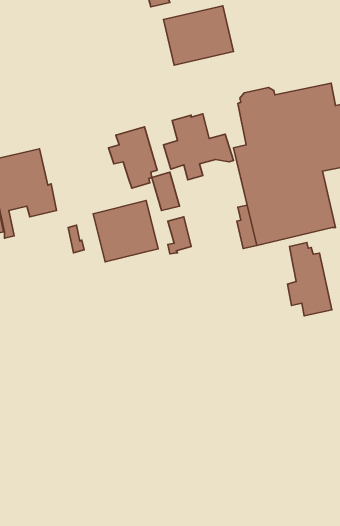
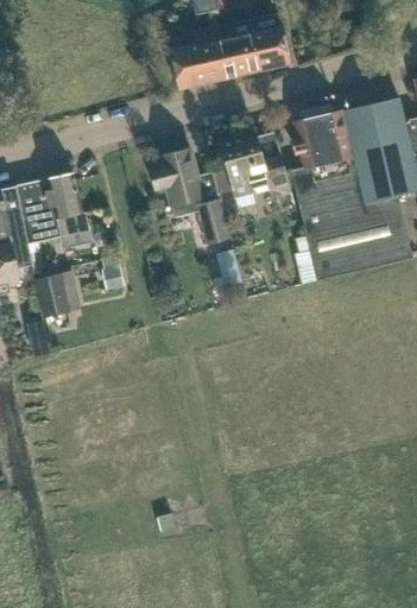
building: none -> [169,27,222,89]
building: [93,201,158,262] -> none
building: none -> [32,273,70,318]
building: [287,243,332,316] -> none

